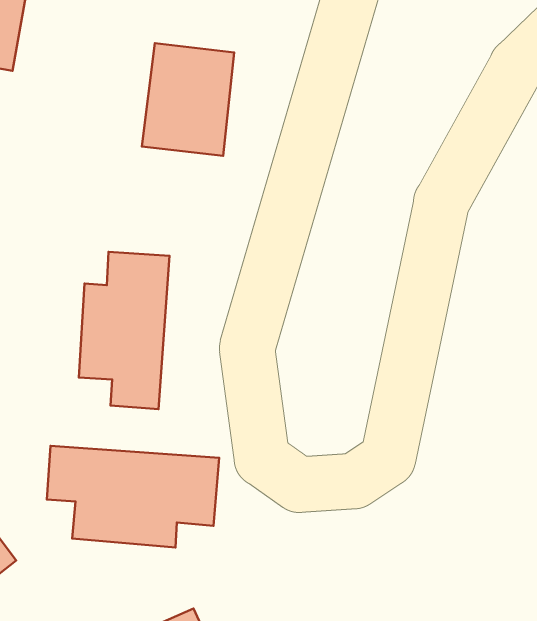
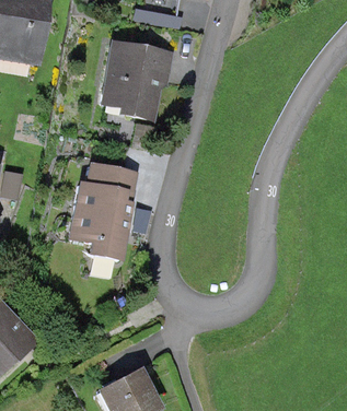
building: [47,446,219,547] -> none

